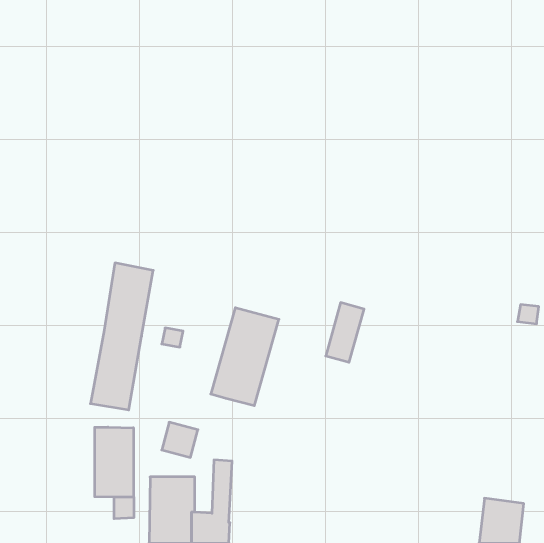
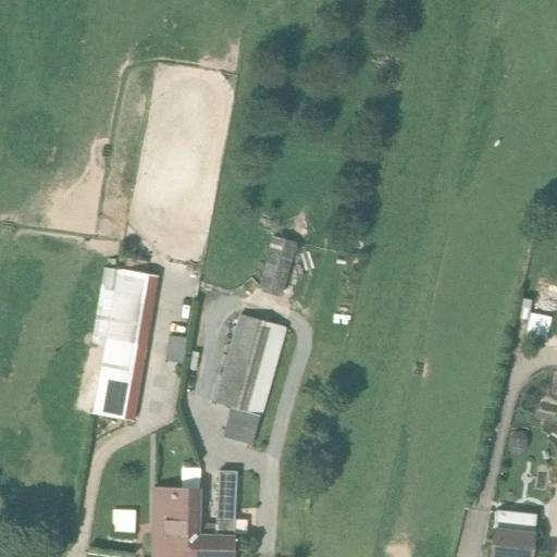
building: [326,303,364,362] -> [257,236,296,297]
building: [162,422,198,457] -> [223,407,260,443]
building: [95,427,133,497] -> none

